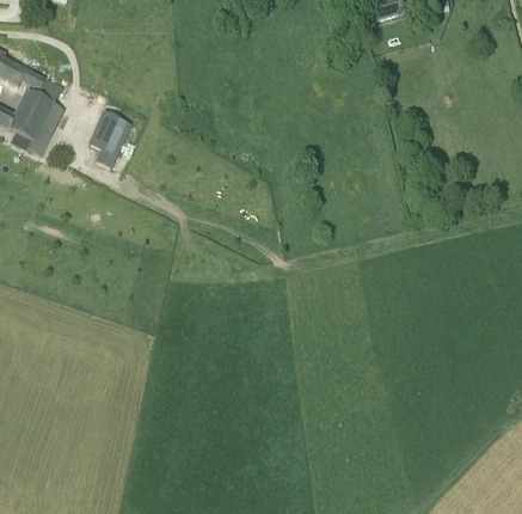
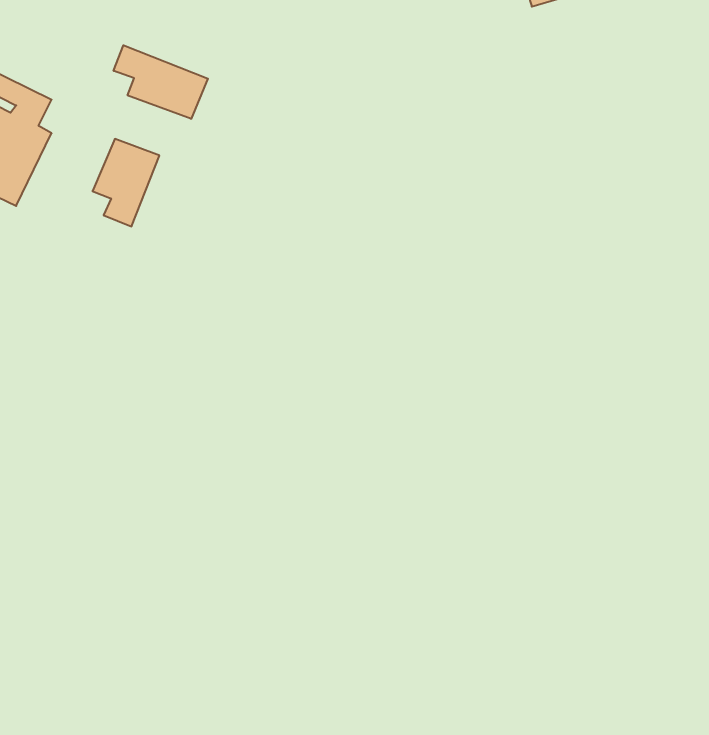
building: none -> [114,45,208,119]

